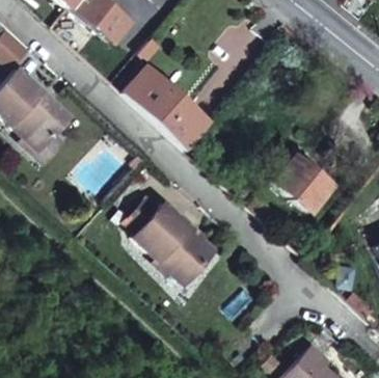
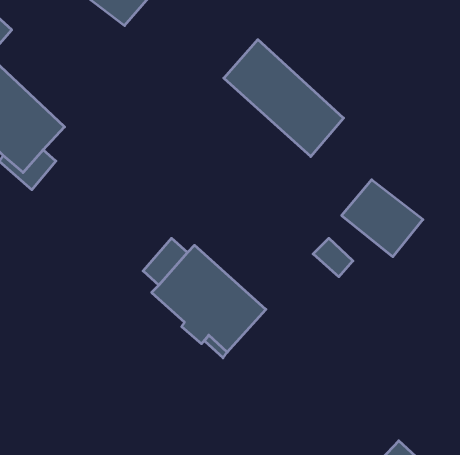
building: [124,63,211,149] -> [224,40,344,157]

